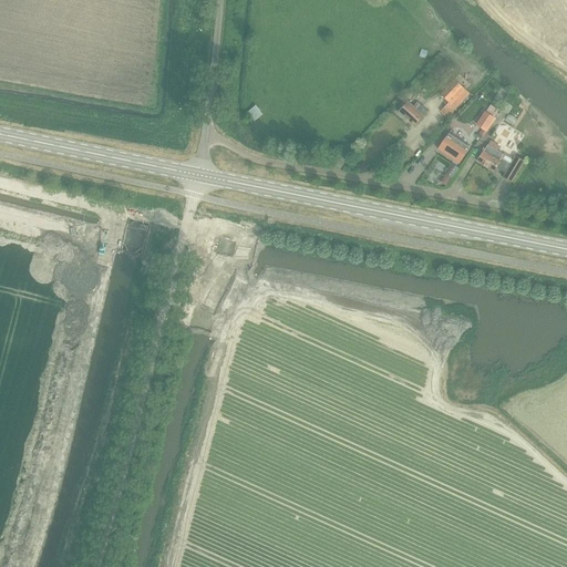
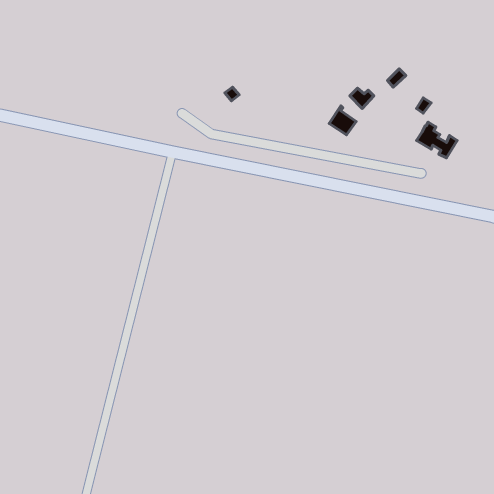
building: [439,128,470,162] -> [329,106,356,135]

